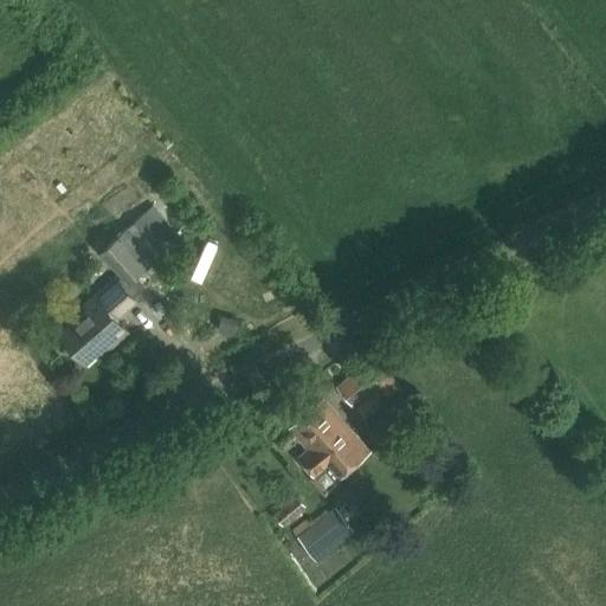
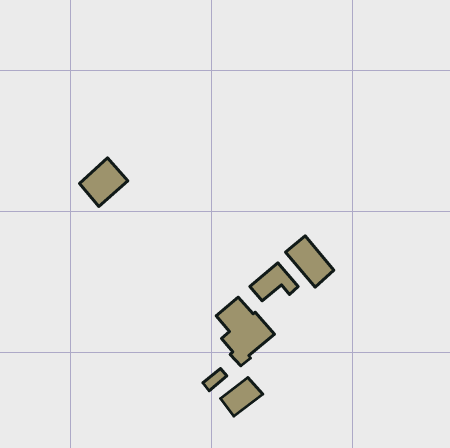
building: [58,281,134,366] -> none
building: none -> [286,236,334,287]

